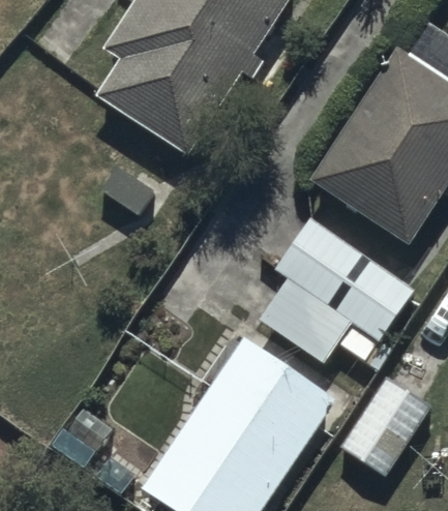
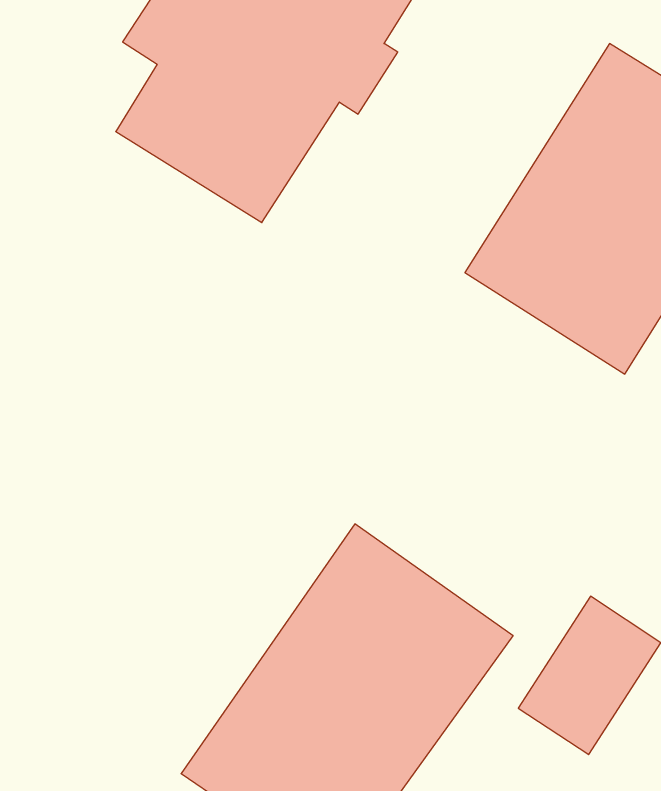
building: [262,216,411,365] -> none

